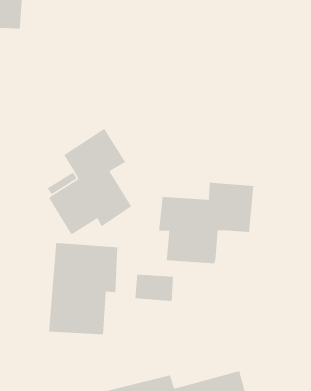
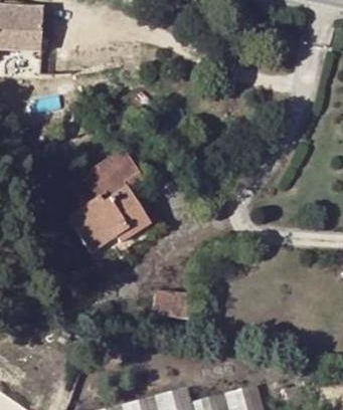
building: [158,182,254,264] -> none
building: [48,242,118,335] -> none

